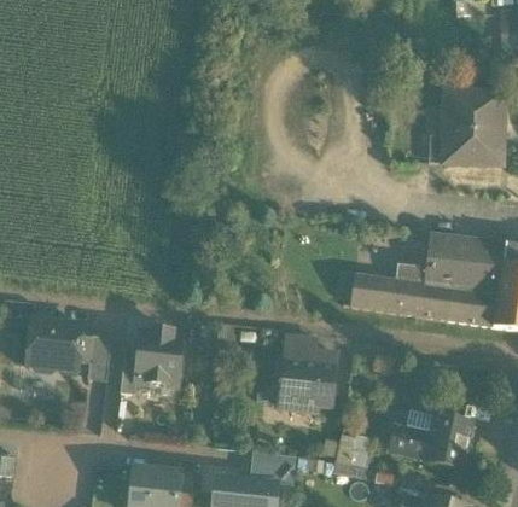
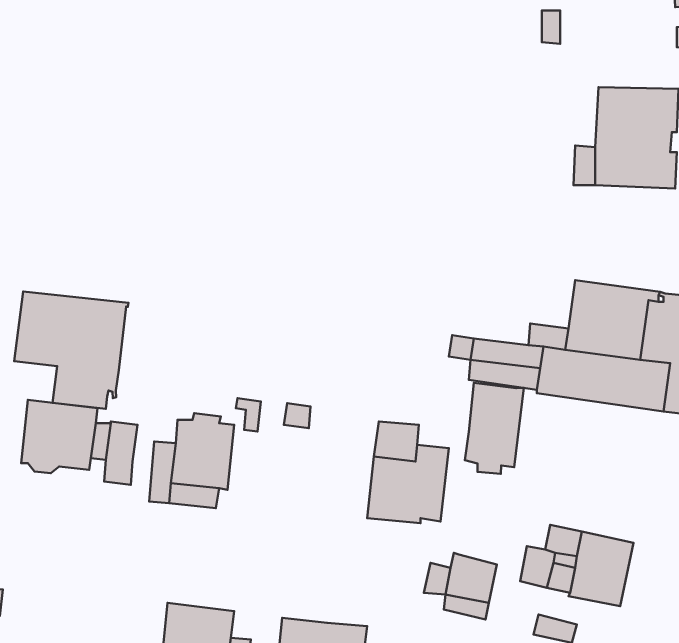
building: none -> [14,291,129,409]
building: none -> [465,383,524,474]
building: [250,451,296,484] -> none

